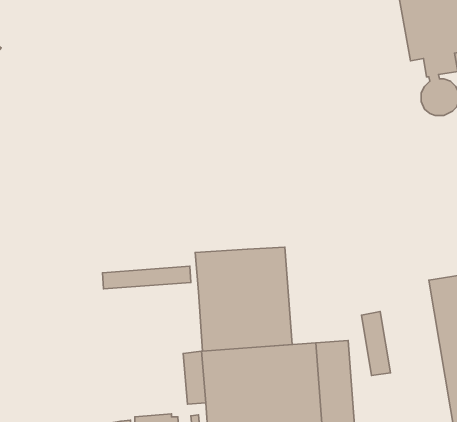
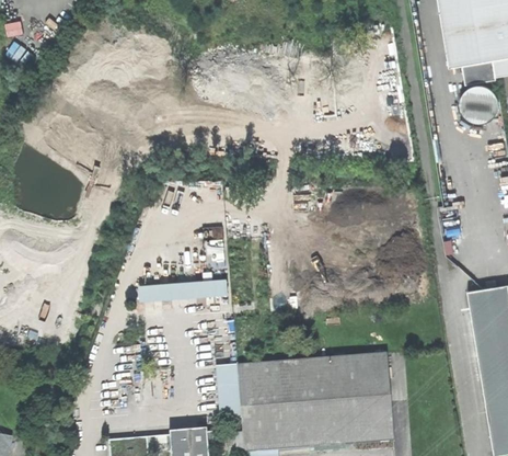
building: [195,247,292,351] -> none
building: [361,311,391,375] -> none

